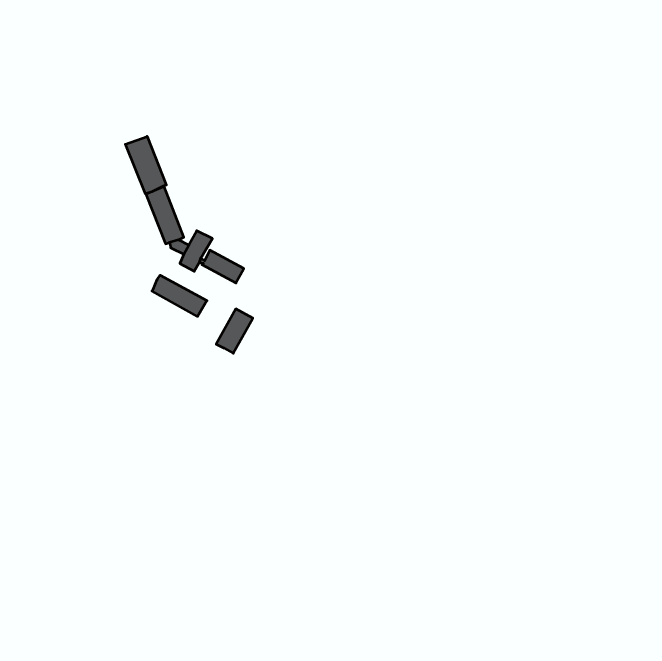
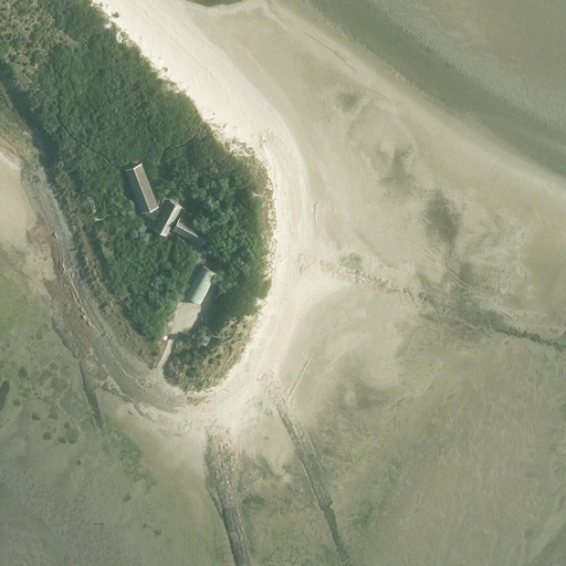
building: [125,136,166,194] -> none
building: [152,275,207,316] -> none

